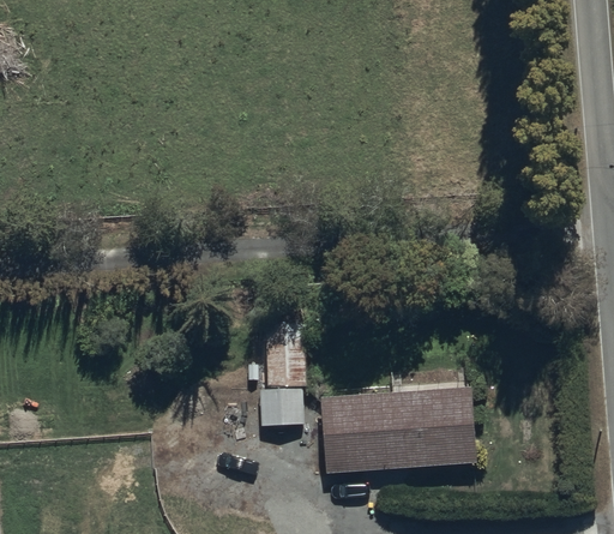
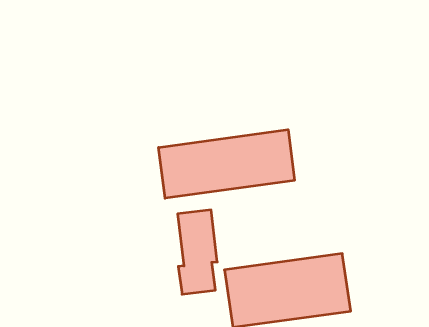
building: none -> [159,130,294,198]

